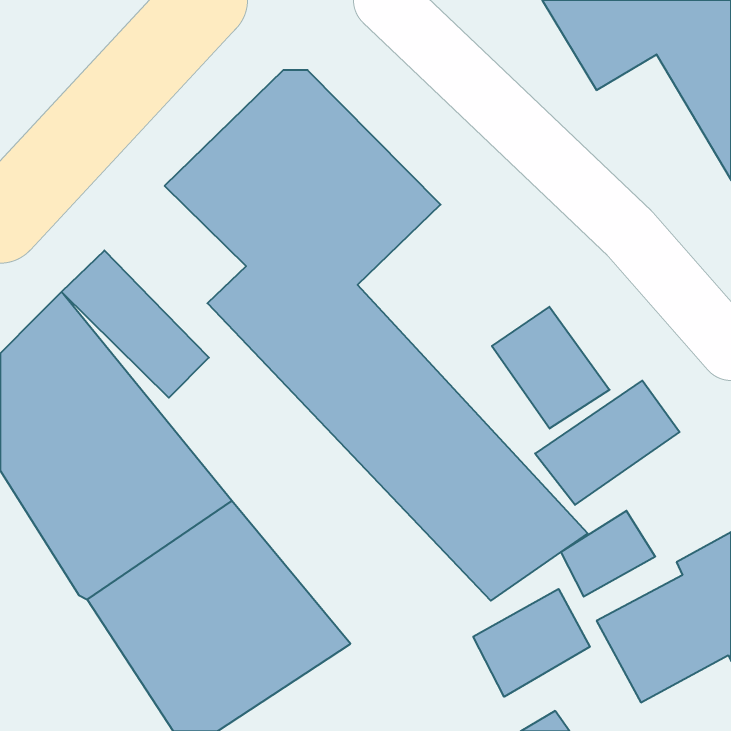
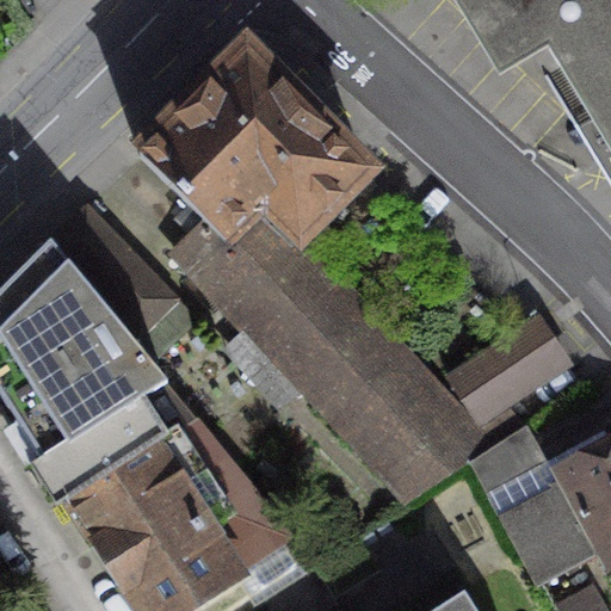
building: [492,307,610,429] -> none
building: [473,589,590,697] -> none

